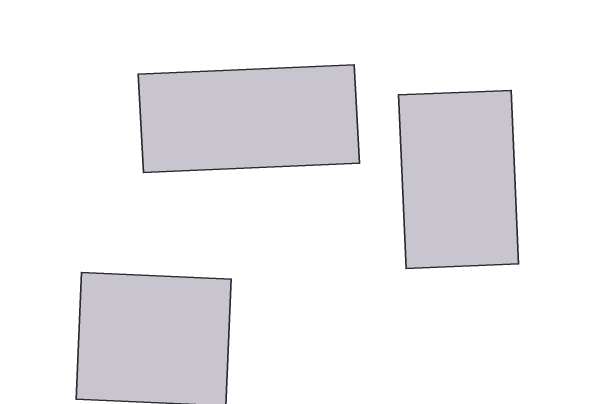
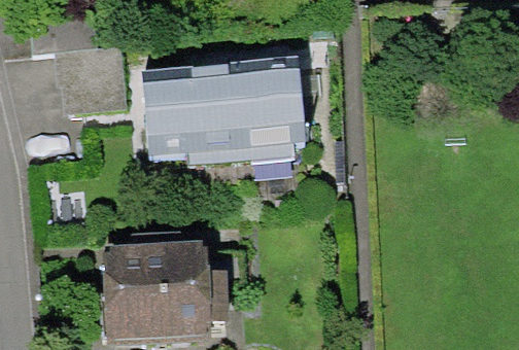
building: [399,90,519,268] -> none

